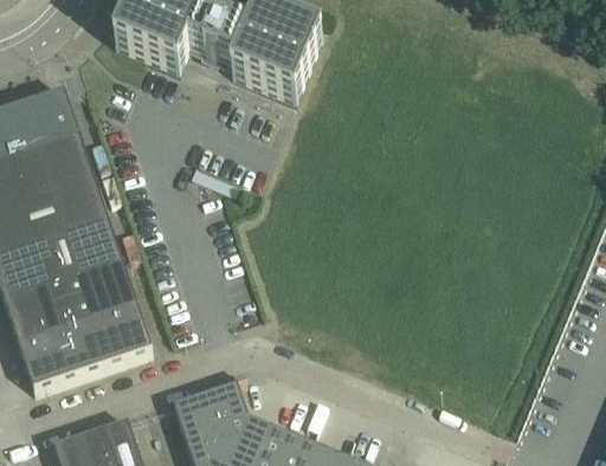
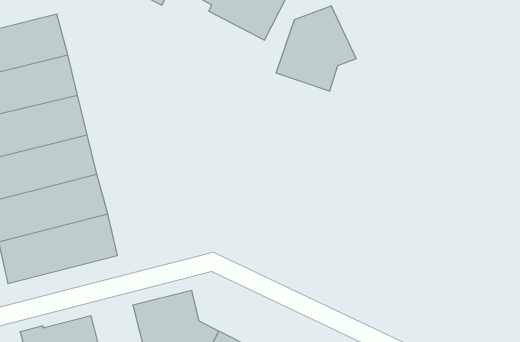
building: none -> [276,6,356,91]

